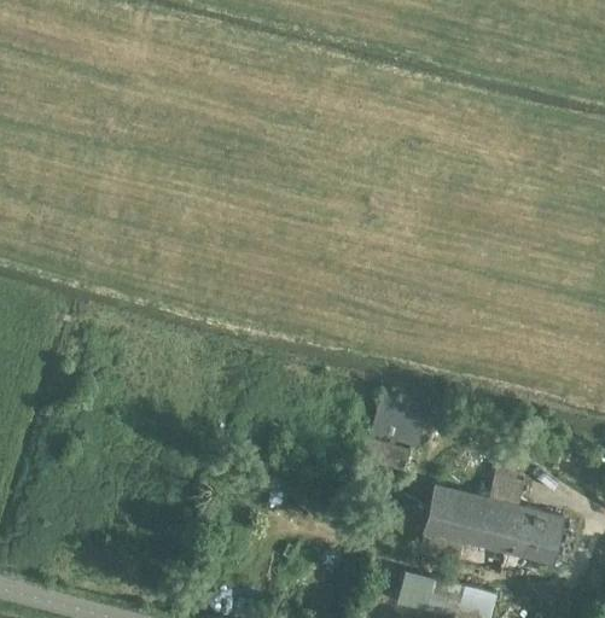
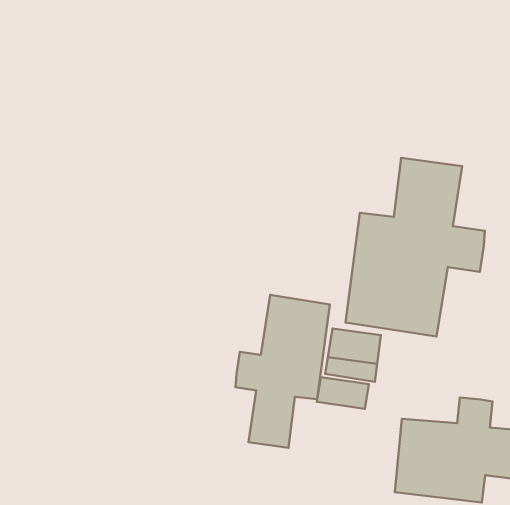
building: none -> [345,158,485,336]
building: none -> [235,295,330,448]

